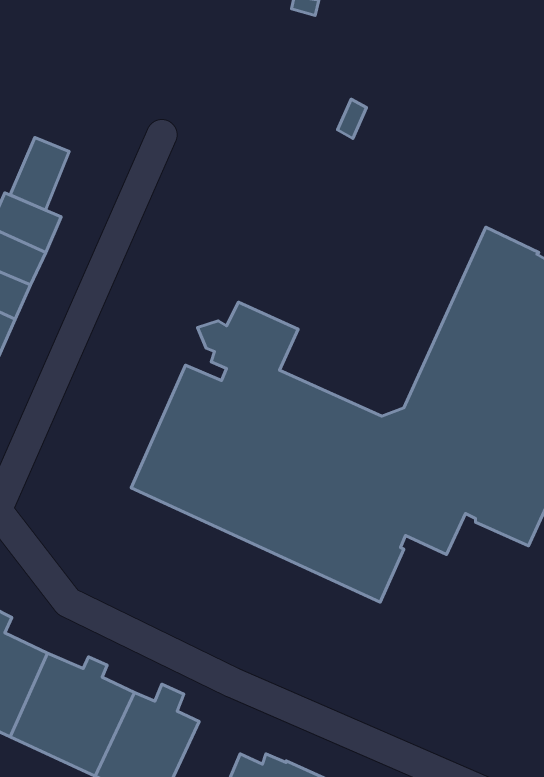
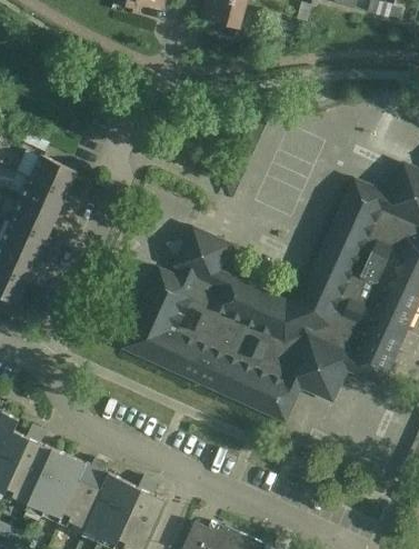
building: [10,137,69,210] -> none

